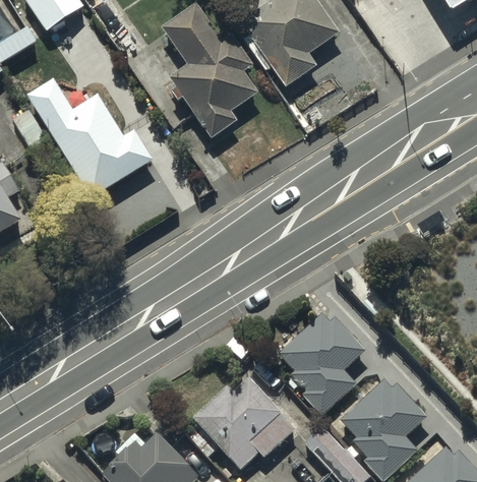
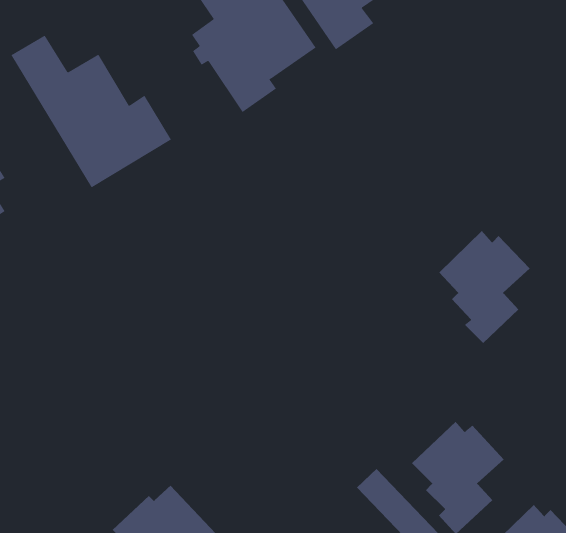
building: [285,317,358,408] -> [438,230,531,344]
building: [196,381,287,461] -> none

